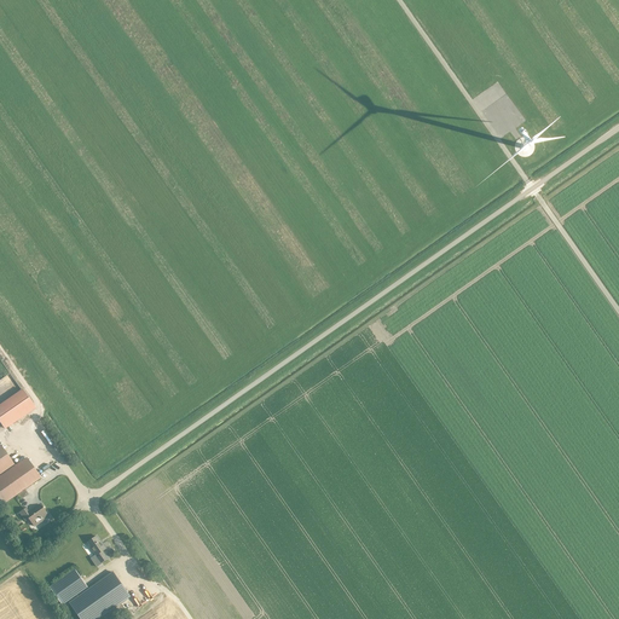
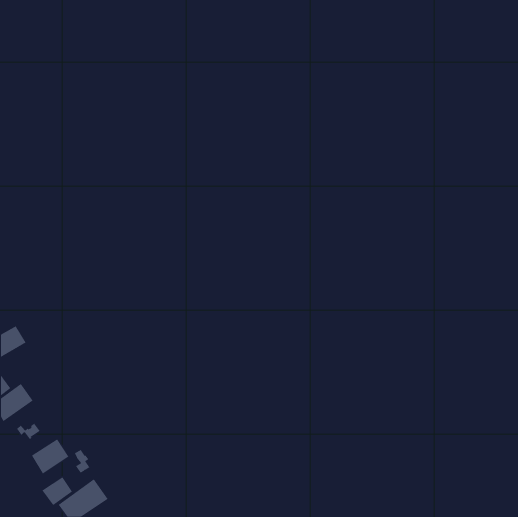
building: none -> [31,439,69,474]

